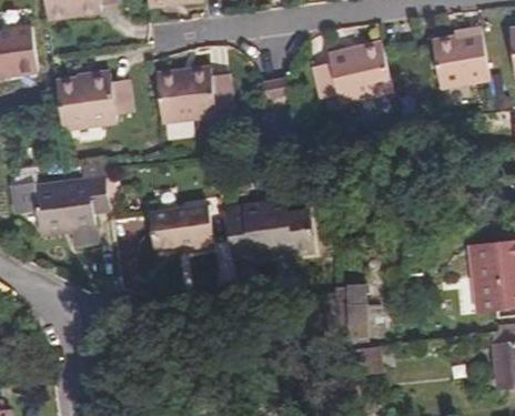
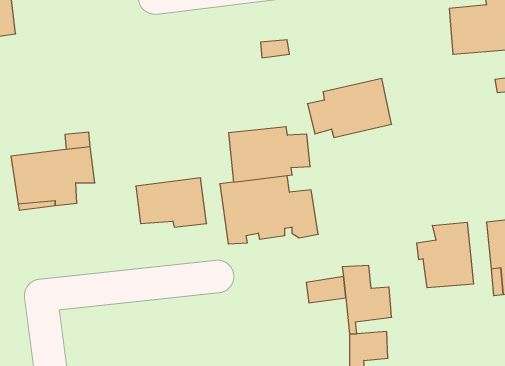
building: [314,43,392,98] -> [307,79,392,137]
building: [156,69,232,120] -> [229,127,310,182]
building: [58,74,132,128] -> none
building: none -> [417,222,474,288]

